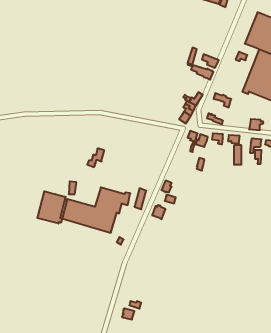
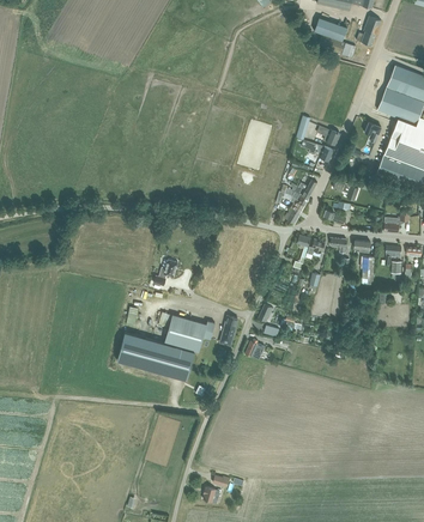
building: [37,191,66,224] -> none

